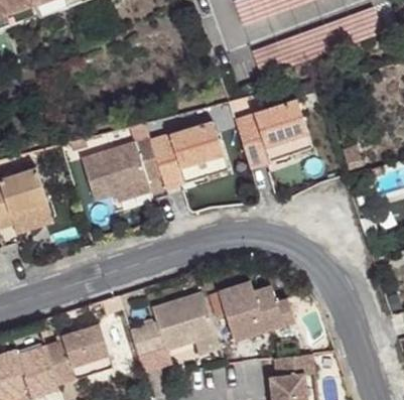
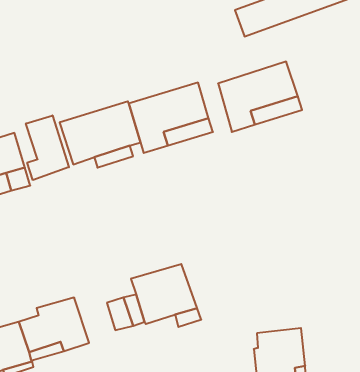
building: none -> [26,115,69,180]
building: [216,282,296,343] -> none

